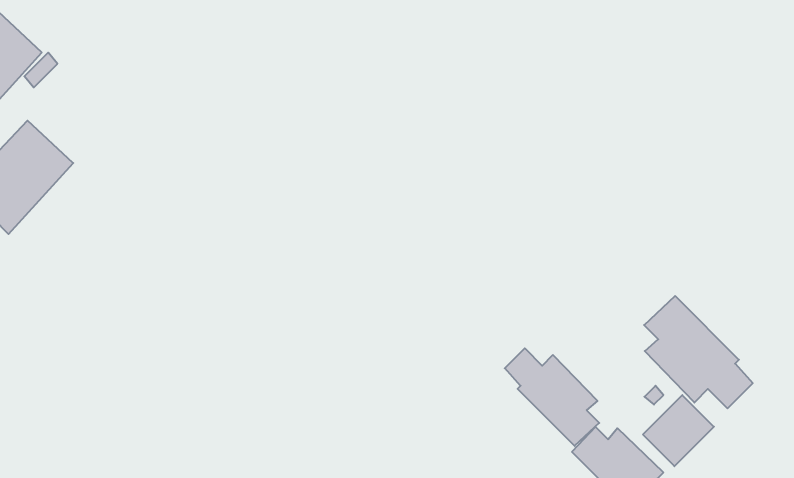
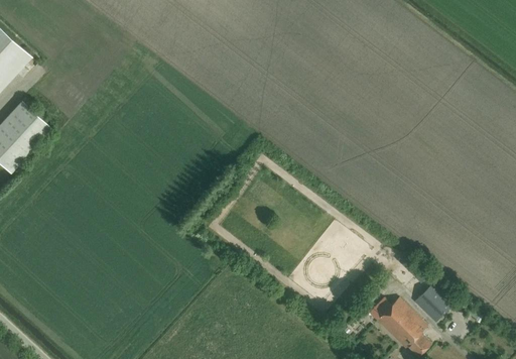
building: [644,296,753,408] -> none
building: [505,348,599,446] -> none

